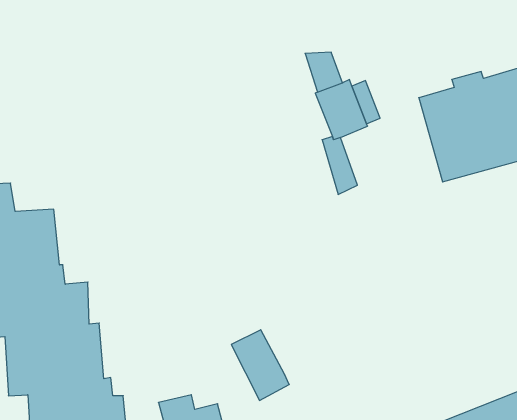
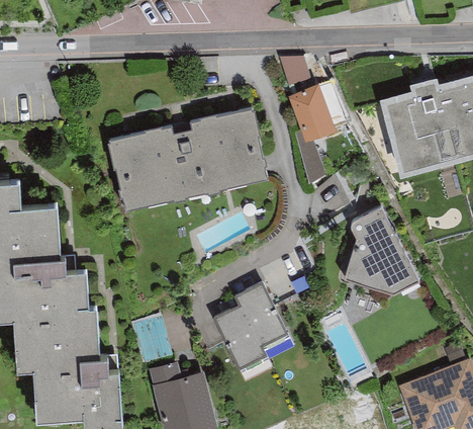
building: none -> [106,108,267,209]
building: none -> [344,207,418,291]
building: none -> [234,285,285,347]

